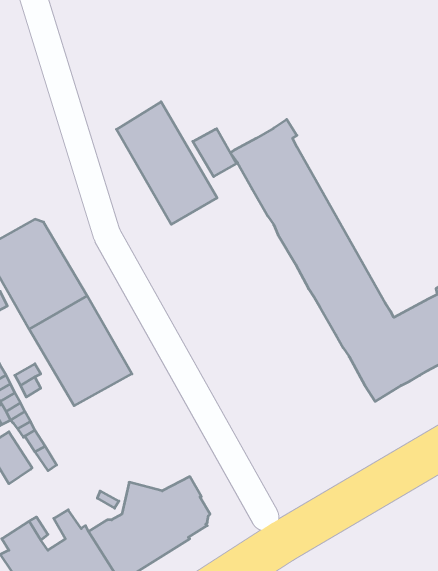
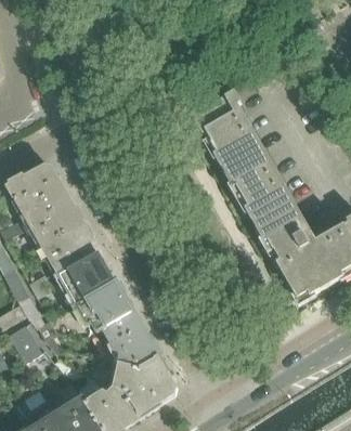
building: [116,102,217,224] -> none
building: [193,129,236,177] -> none
building: none -> [75,282,161,369]

